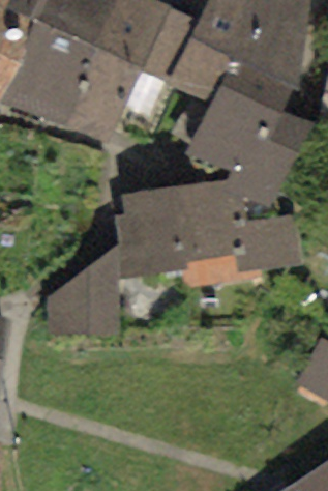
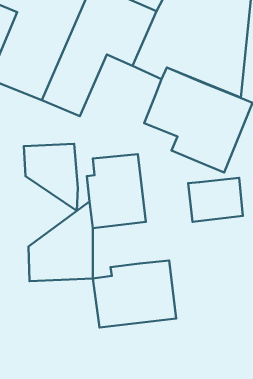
building: none -> [24,144,78,211]
building: [176,183,248,289] -> none
building: none -> [93,261,176,328]

